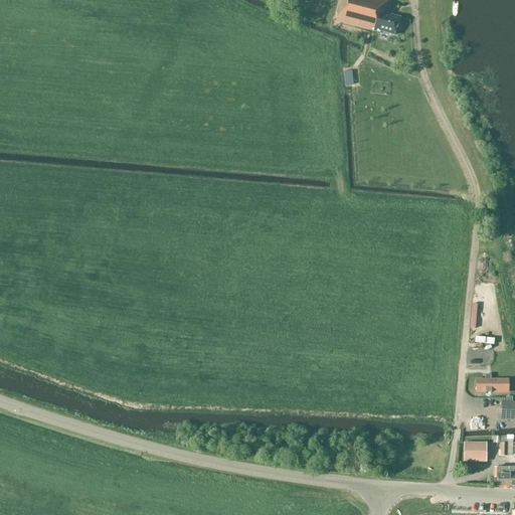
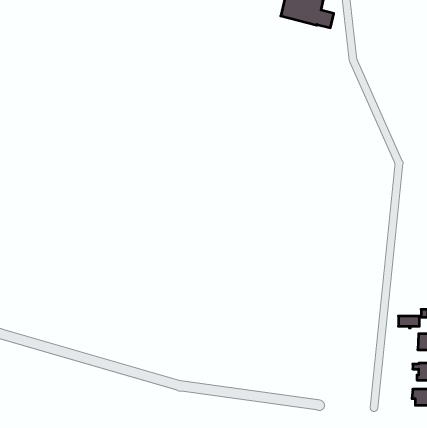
building: [467,442,489,460] -> none

